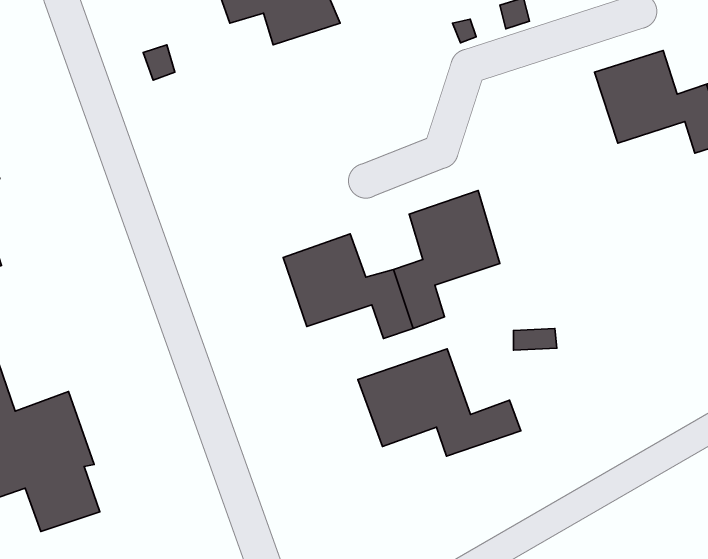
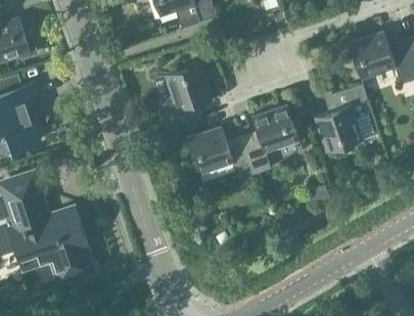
building: none -> [157,62,213,131]
building: none -> [314,84,367,152]
building: [358,349,521,456] -> none

